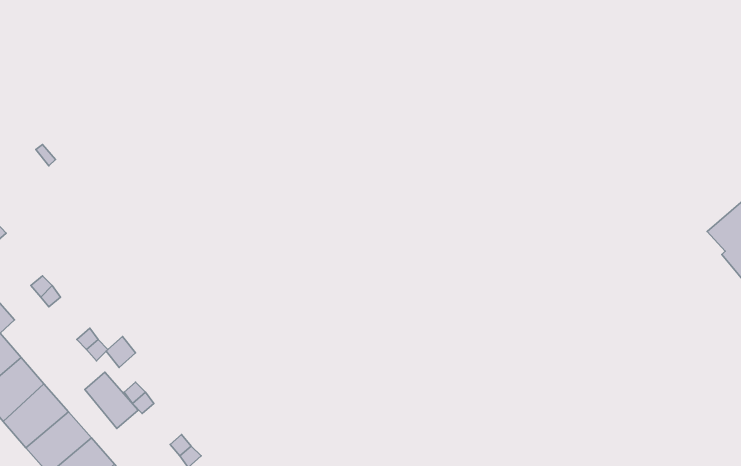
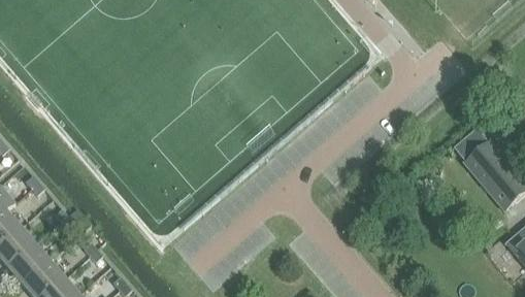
building: [85,372,138,429] -> none

